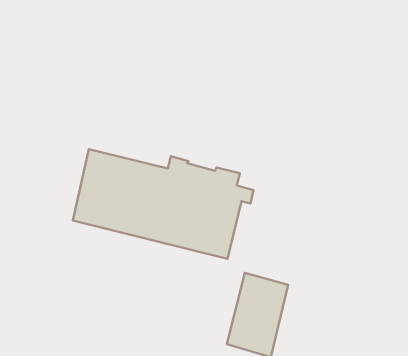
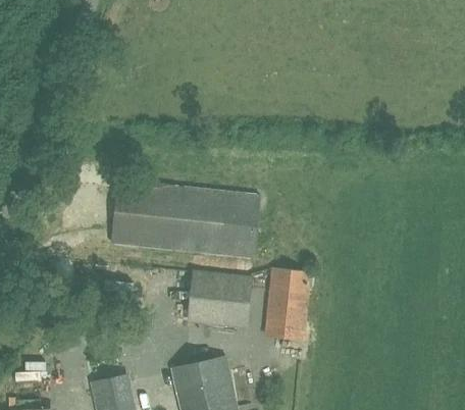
building: none -> [188,269,252,327]

